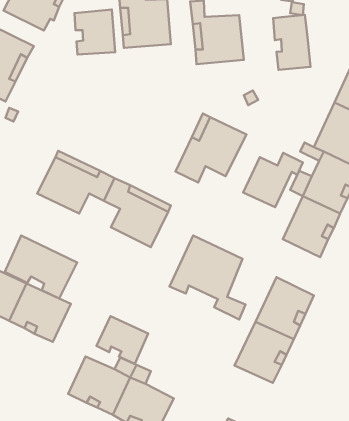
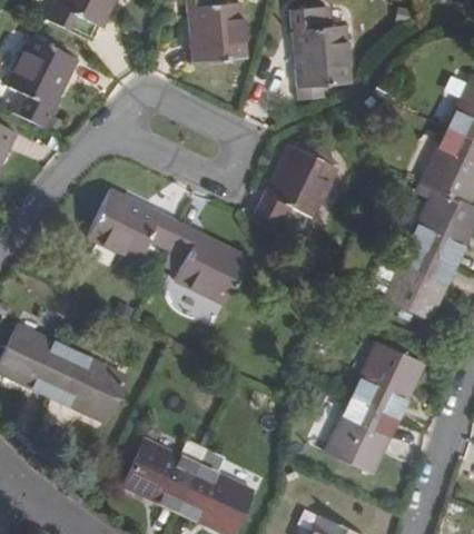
building: [75,9,115,55] -> none
building: [273,15,310,70] -> none
building: [243,153,303,207] -> none
building: [170,236,246,319] -> none
building: [5,236,77,298] -> none
building: [97,316,148,364] -> none

